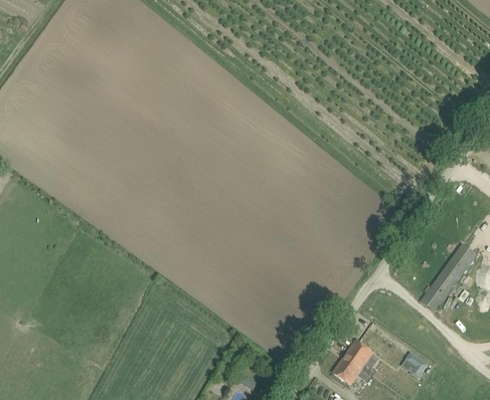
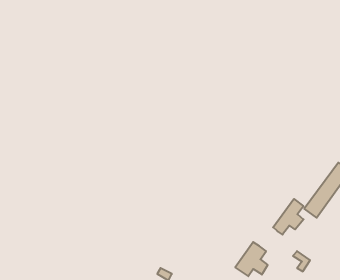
building: none -> [273,199,304,235]

